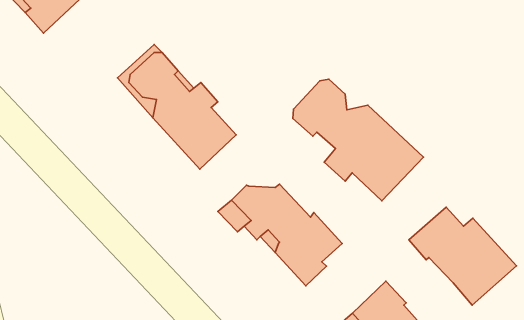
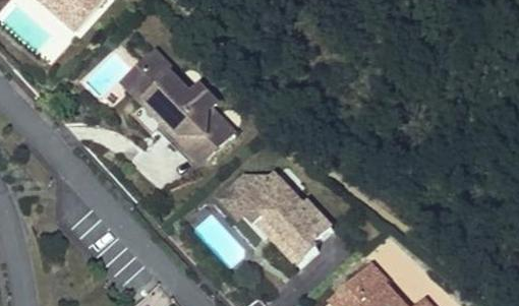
building: [293,79,424,201] -> none
building: [409,207,516,305] -> none

